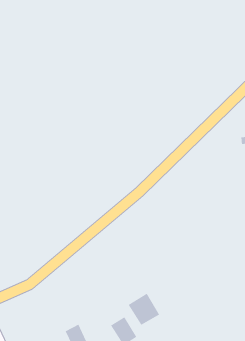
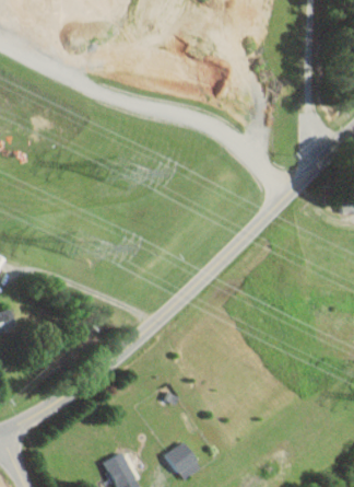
building: [128,293,160,326] -> none

